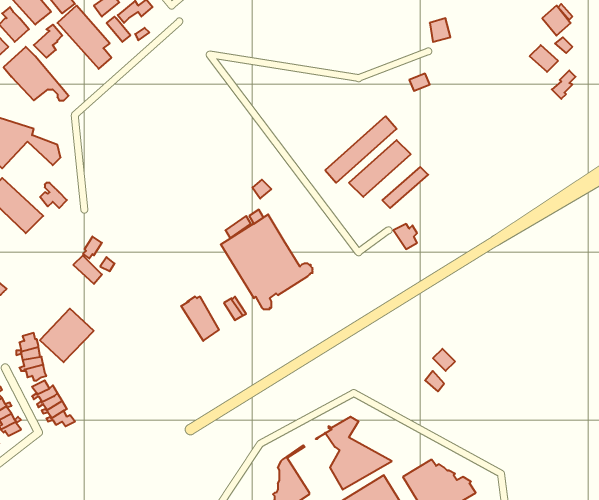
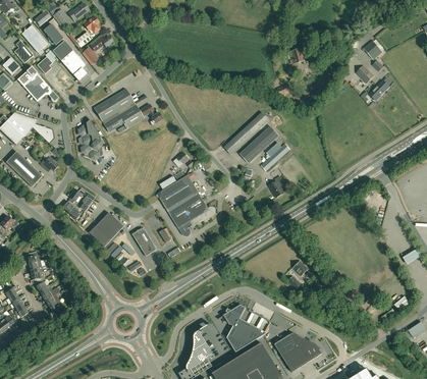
building: none -> [94,89,163,131]
building: none -> [77,119,103,160]
building: [40,309,94,362] -> [89,212,123,247]

